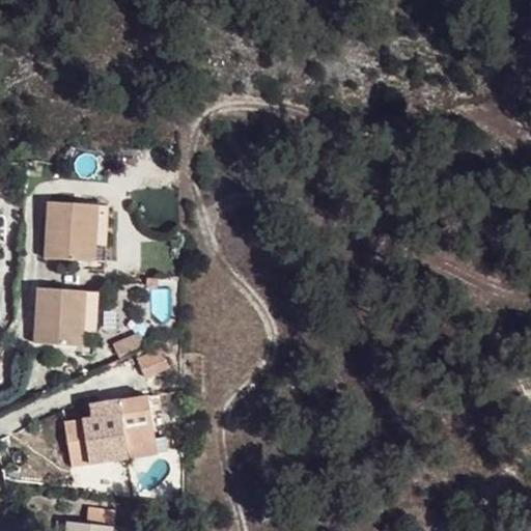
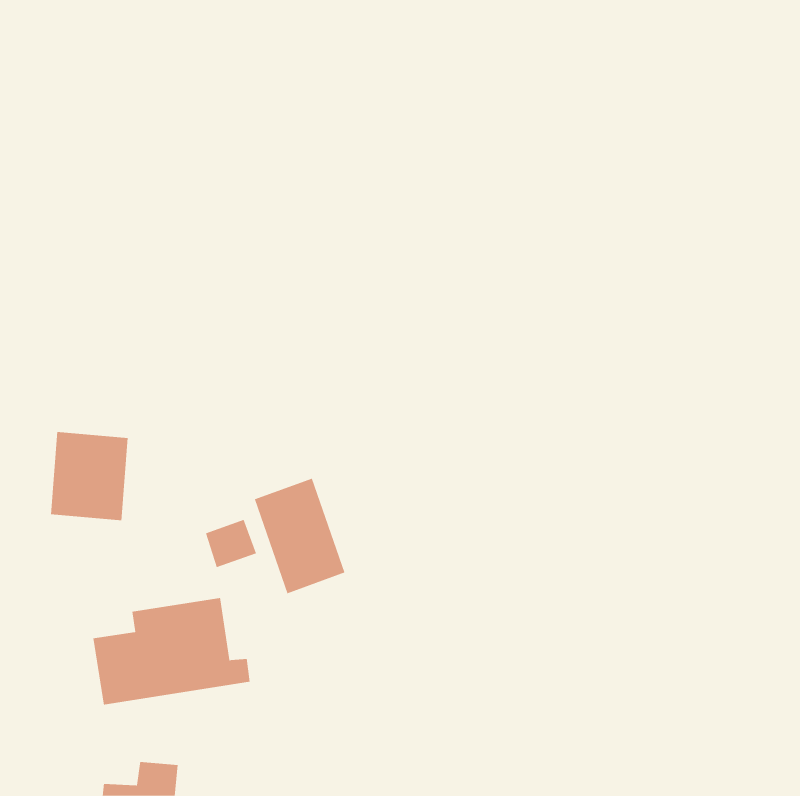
building: [45,199,99,259] -> none
building: none -> [254,478,345,594]

